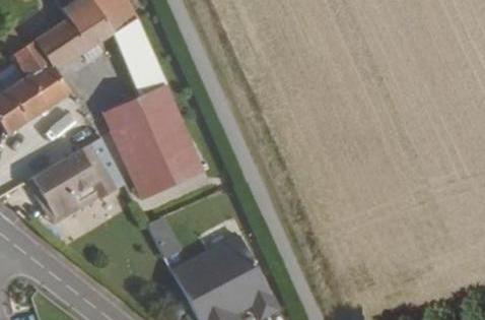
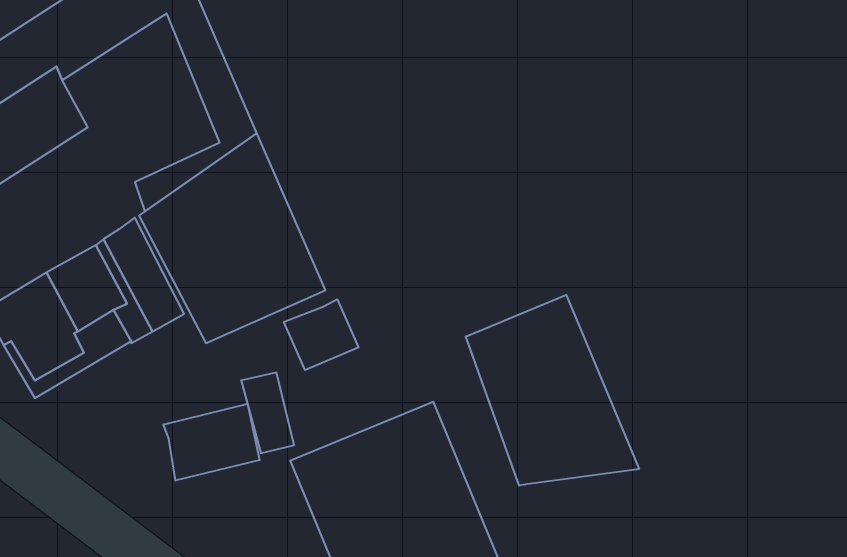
building: none -> [466,295,639,486]
building: none -> [284,299,359,370]
building: none -> [163,404,260,481]

